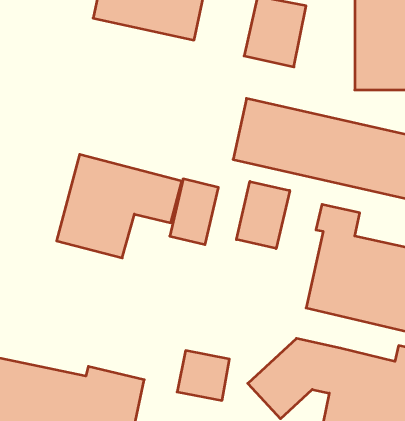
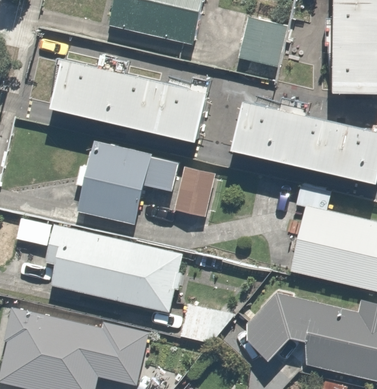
building: none -> [45,56,208,139]
building: [236,181,290,249] -> none
building: none -> [47,224,185,315]

